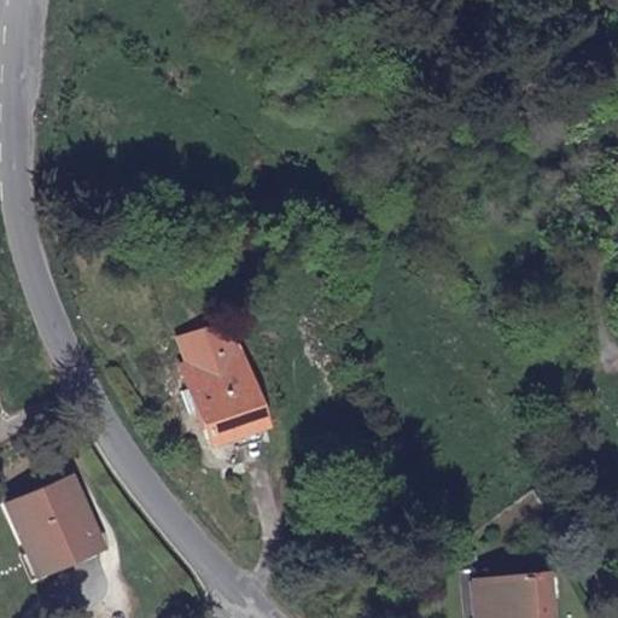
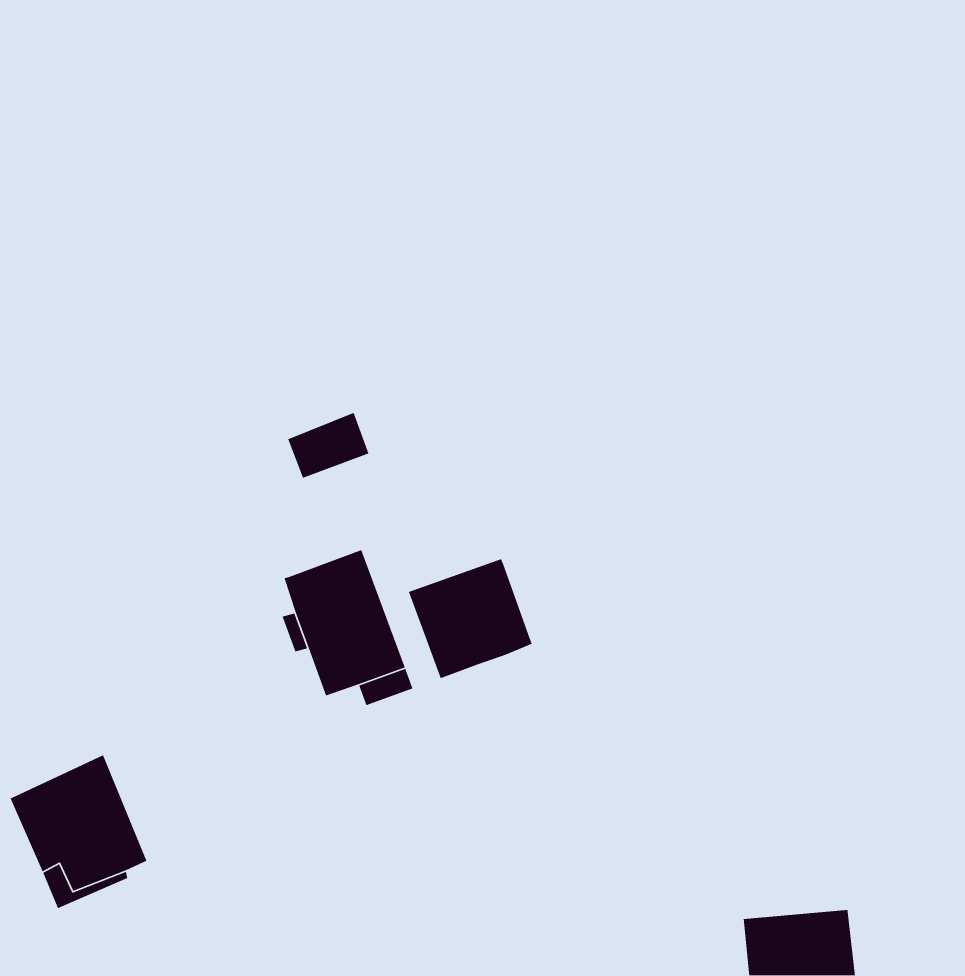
building: [181,321,233,363] -> [287,412,370,479]
building: none -> [408,558,533,679]

